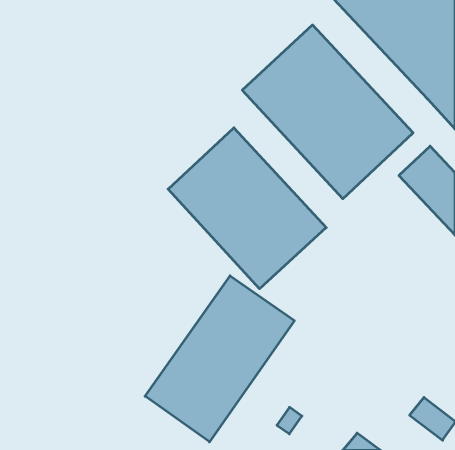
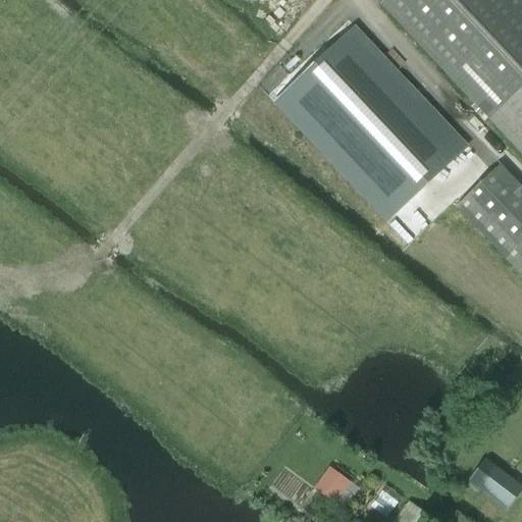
building: [168,128,326,289] -> none
building: [145,276,294,442] -> none

